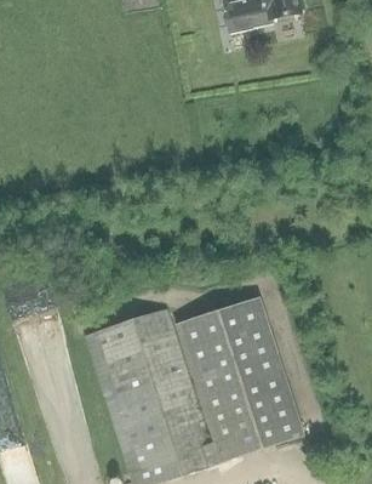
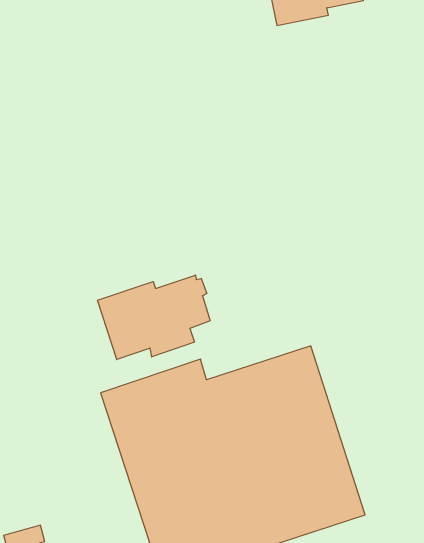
building: none -> [97,275,210,360]

